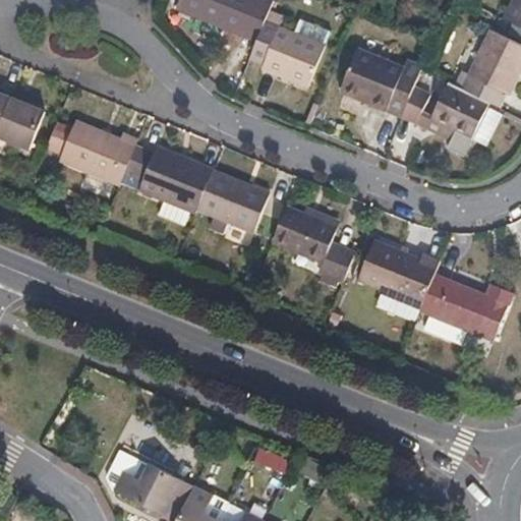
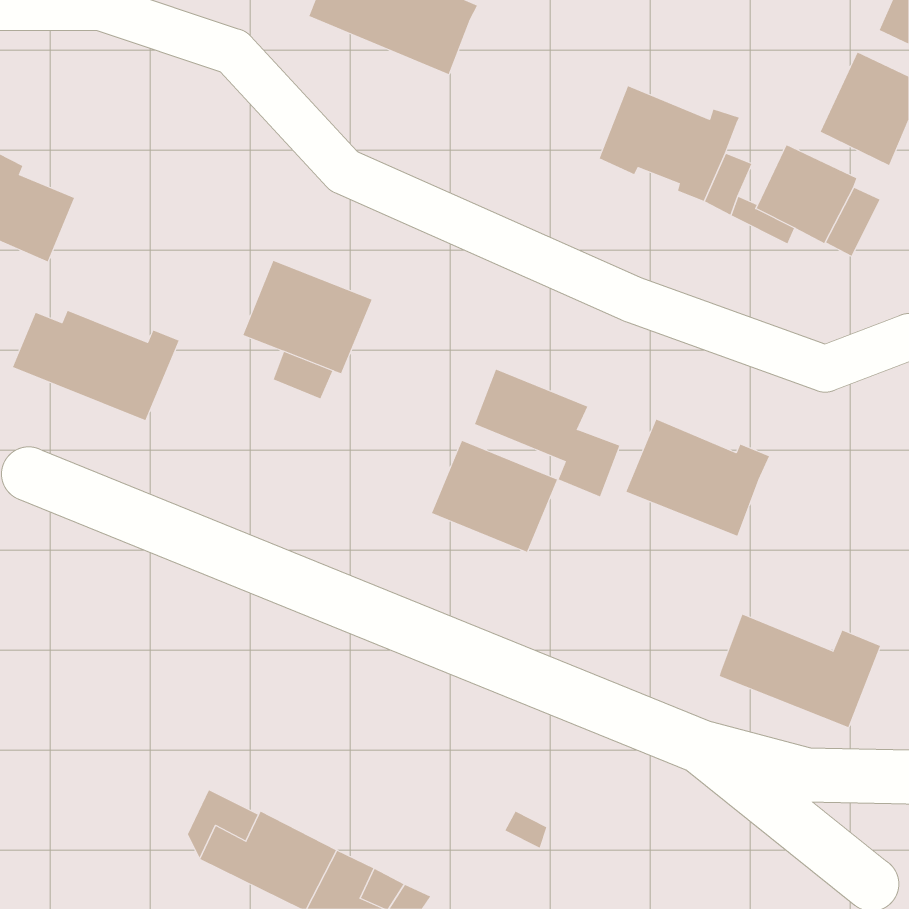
building: [250,11,332,86] -> none
building: [42,122,137,185] -> [12,310,180,421]
building: [195,171,268,235] -> [431,440,558,553]
building: [420,274,513,339] -> [719,614,881,728]

